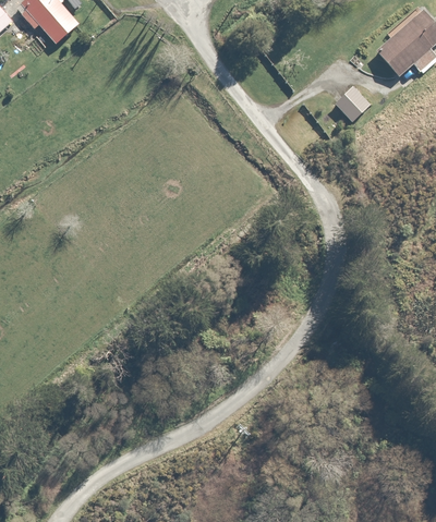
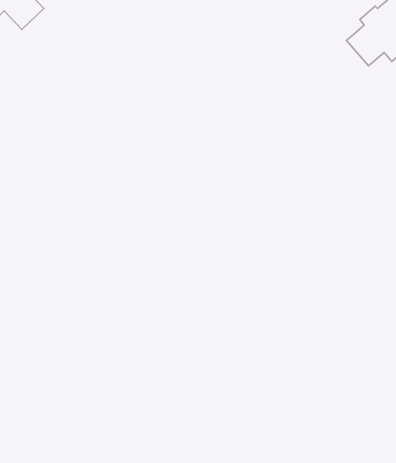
building: [335,84,373,122] -> none

